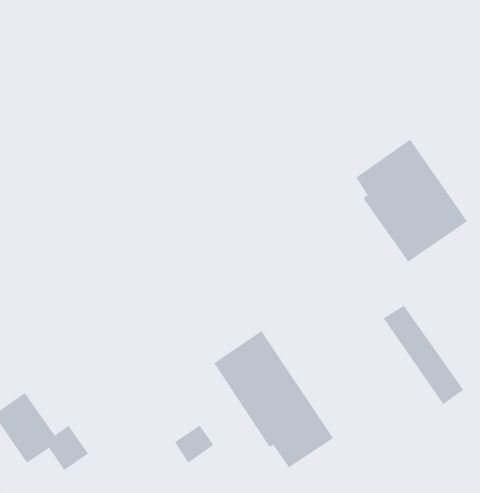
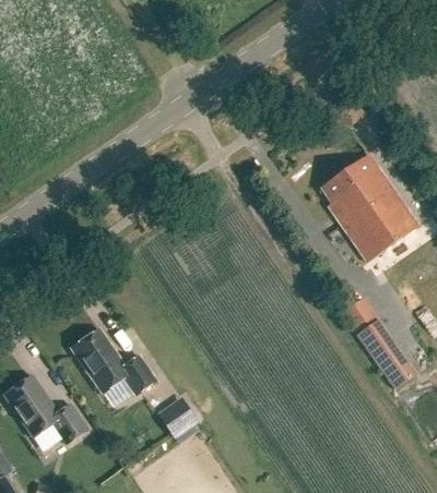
building: [213,330,334,468] -> none
building: none -> [69,327,155,394]

